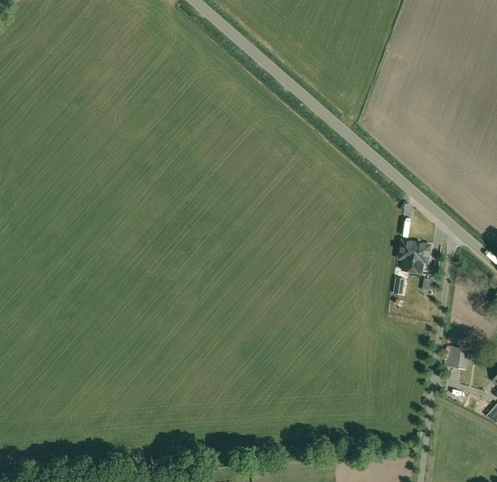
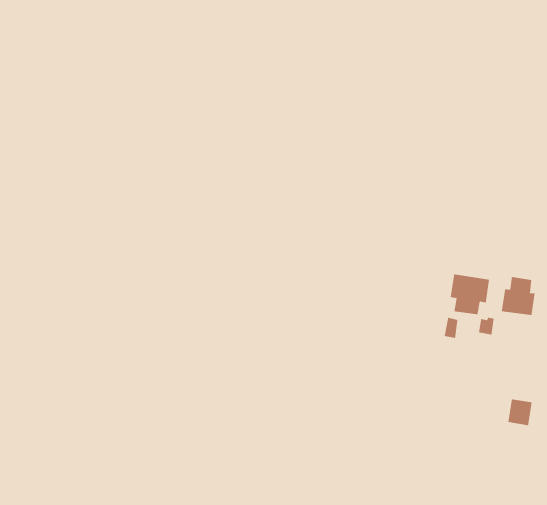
building: none -> [501,276,535,316]

